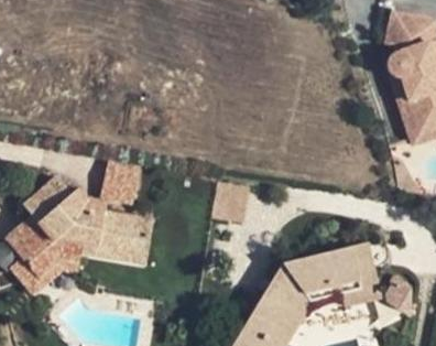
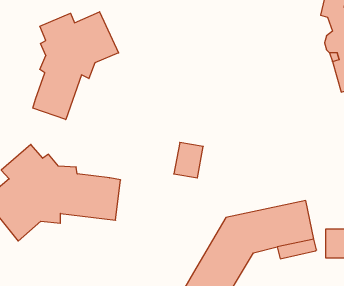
building: none -> [33,12,119,120]
building: [109,160,142,202] -> none

